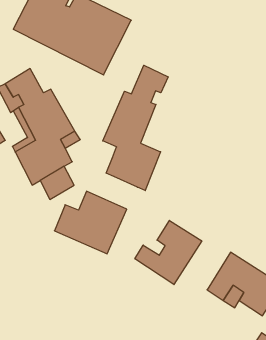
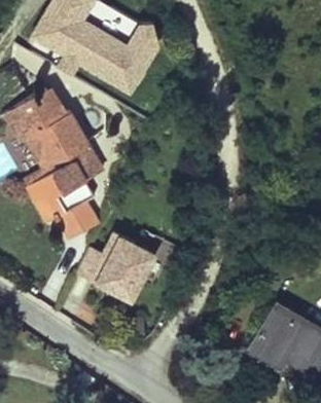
building: [103,65,168,191] -> none
building: [135,220,202,285] -> none

